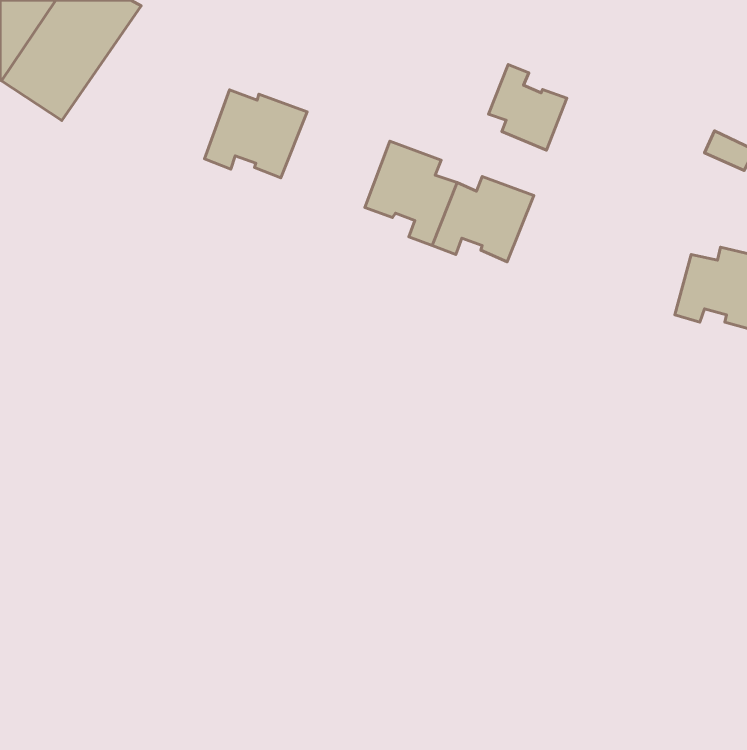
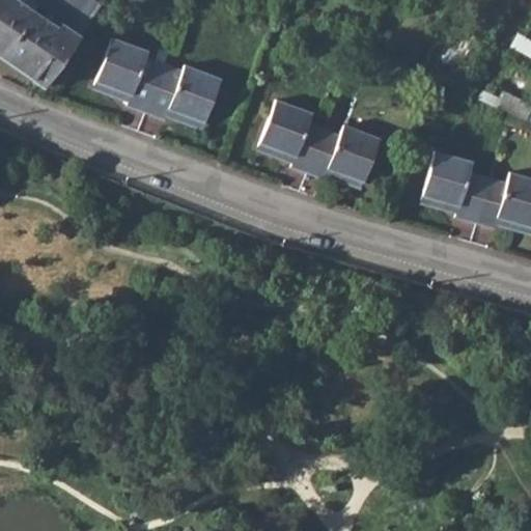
building: none -> [95,38,165,113]
building: [489,64,567,150] -> none
building: none -> [423,153,491,223]

